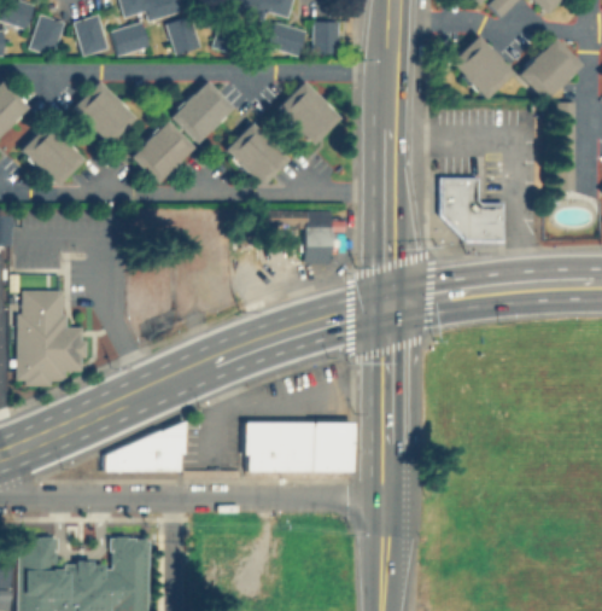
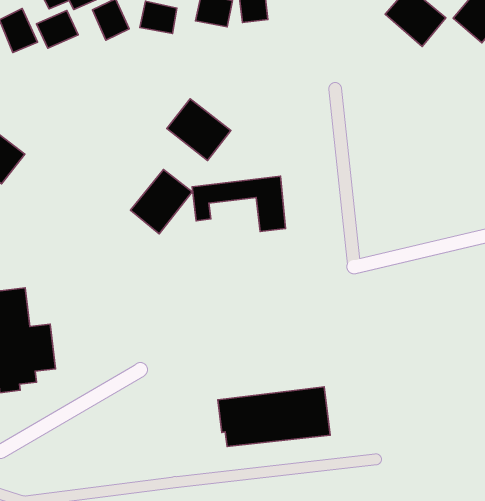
building: [72,81,135,144] -> none
building: [170,81,233,142] -> none
building: [277,82,339,144] -> none
building: [130,121,193,184] -> [130,169,192,234]
building: [438,179,502,242] -> none
building: [104,420,185,470] -> none

